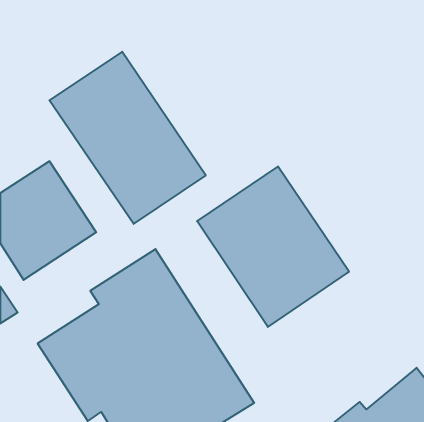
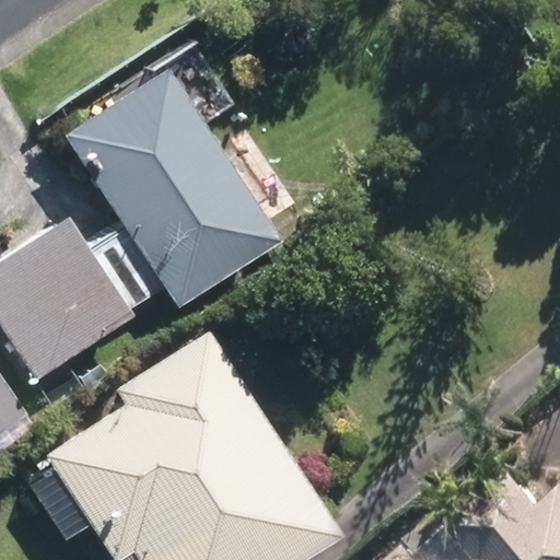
building: [197,166,349,327] -> none

